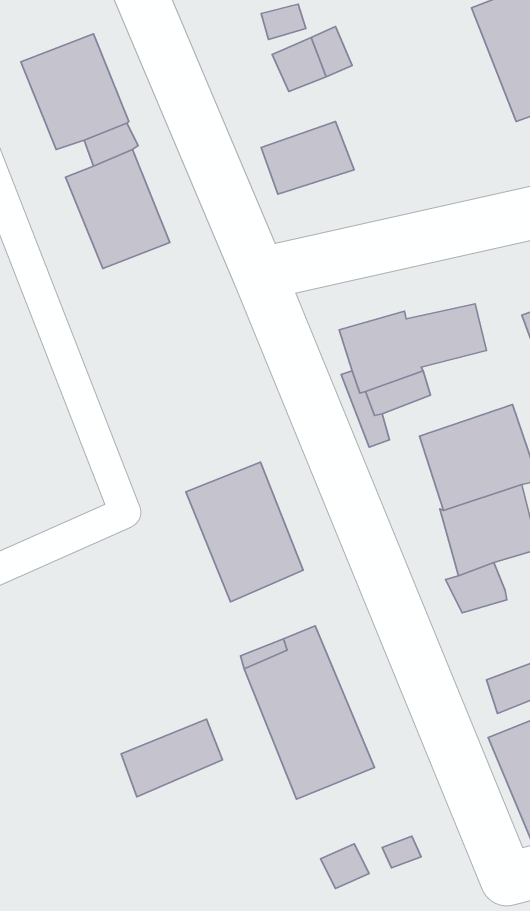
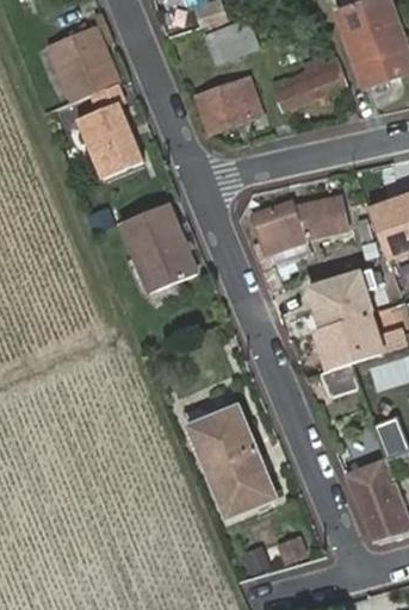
building: none -> [275,61,347,111]
building: [186,462,303,602] -> [119,203,194,292]
building: [121,719,223,797] -> none

